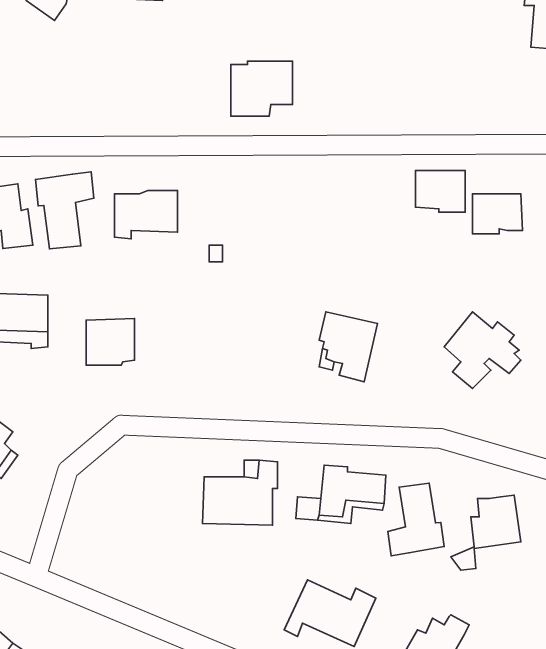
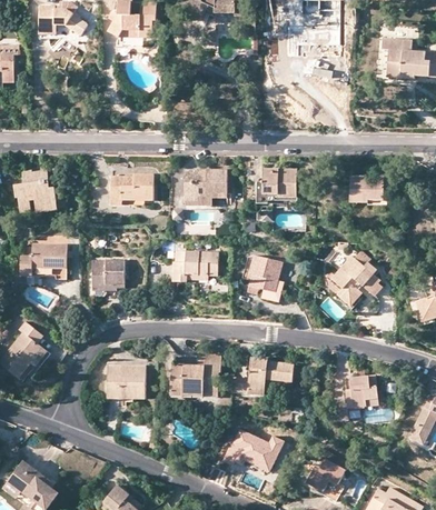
building: [231,61,293,116] -> [185,169,226,206]
building: [415,171,465,212] -> [265,171,298,199]
building: [35,172,94,249] -> none
building: none -> [172,250,217,281]
building: none -> [107,364,145,398]
building: [388,483,444,556] -> none

